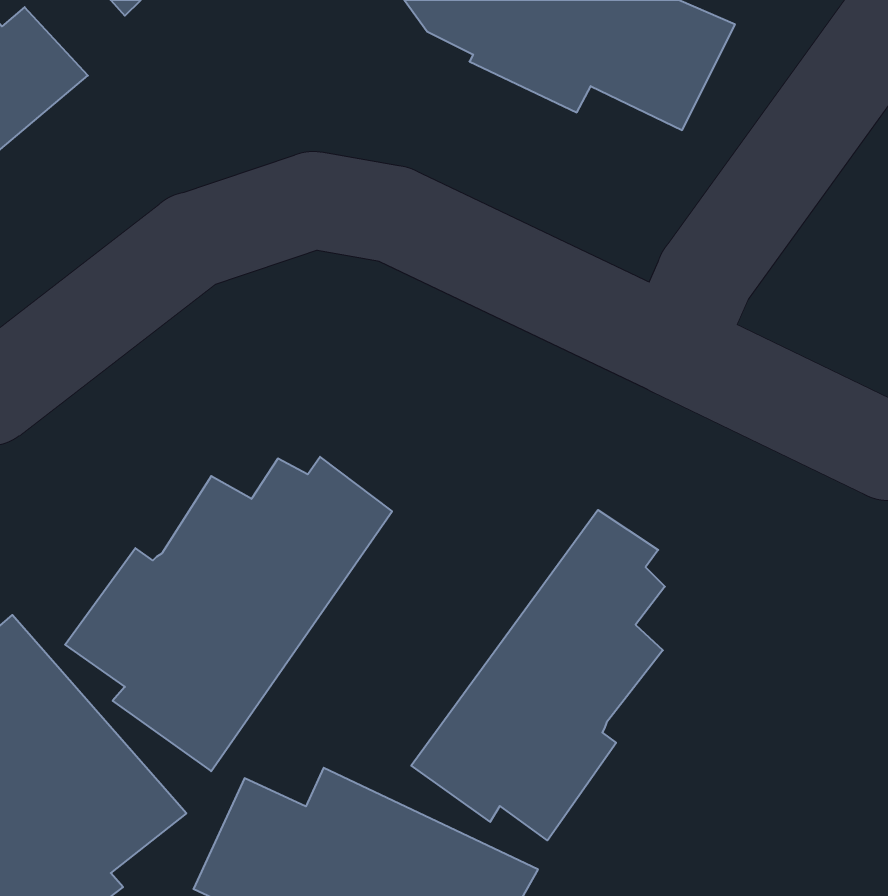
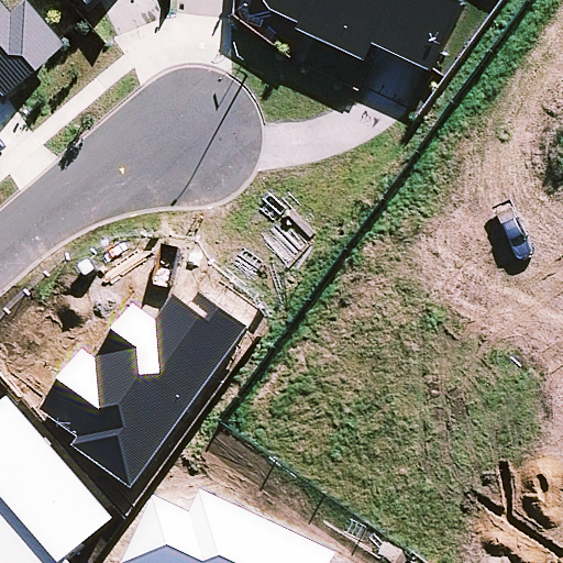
building: [411,510,665,840] -> none

